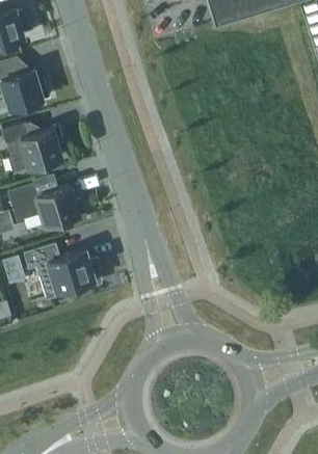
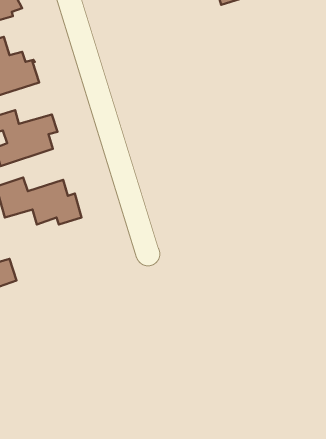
building: [24,243,101,300] -> none

